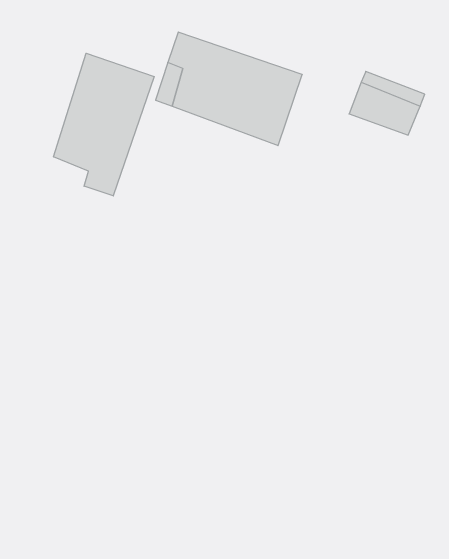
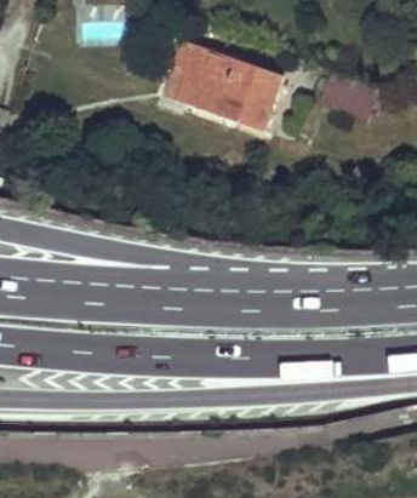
building: [54,53,154,196] -> none

